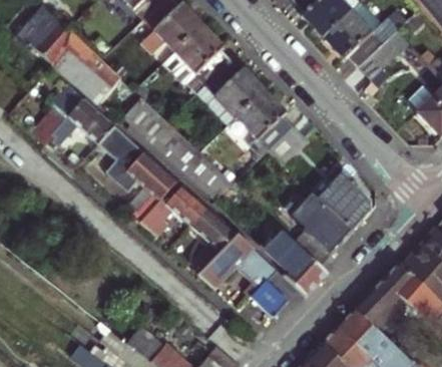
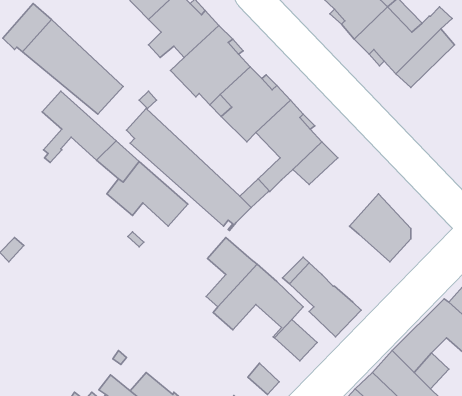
building: [138,179,209,237] -> none
building: [291,193,352,265] -> none

